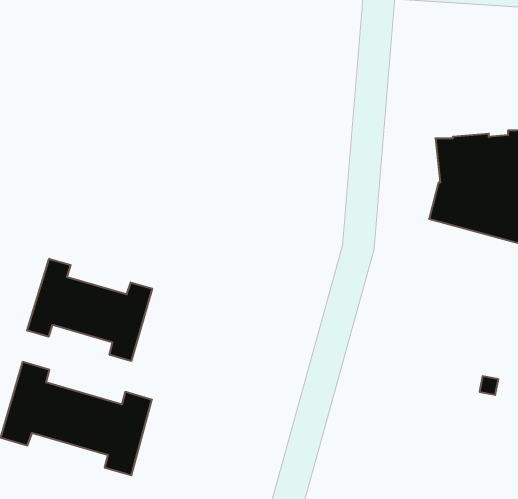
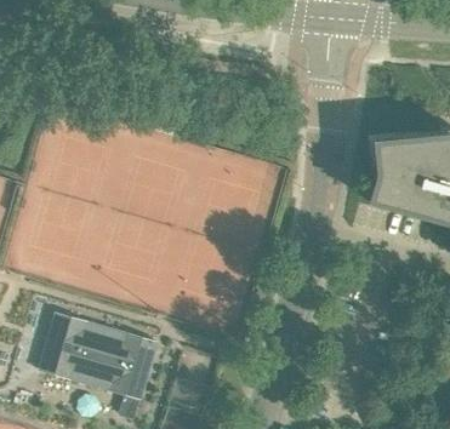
building: [27,259,152,361] -> none

